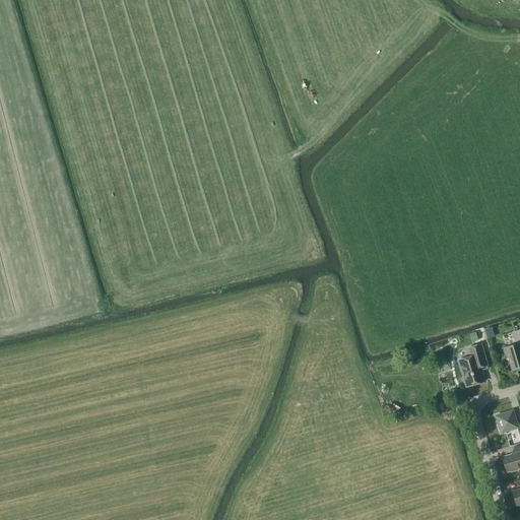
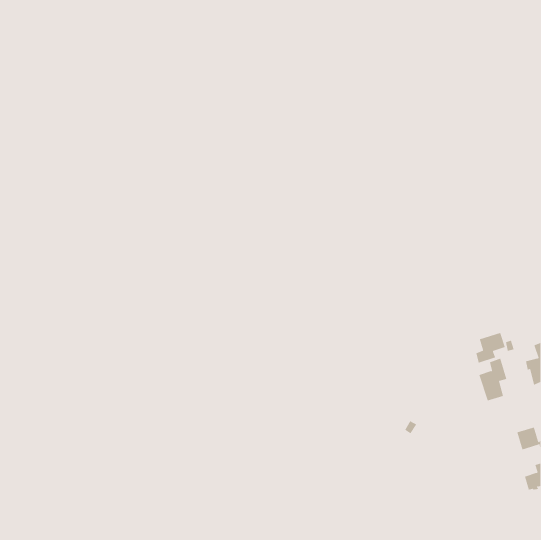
building: none -> [476,332,505,364]

